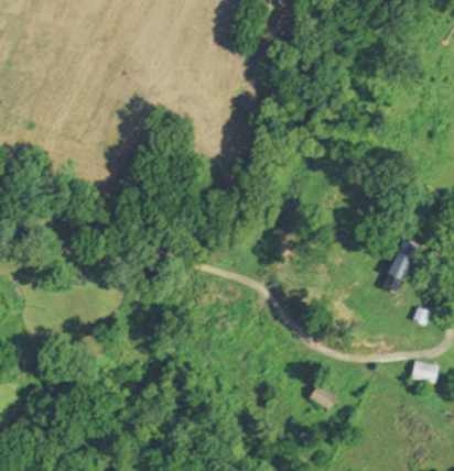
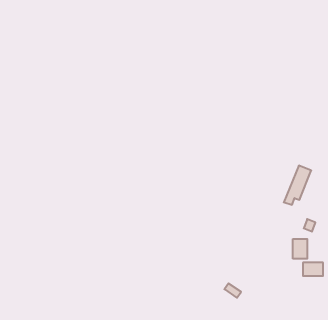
building: none -> [293,239,307,259]

